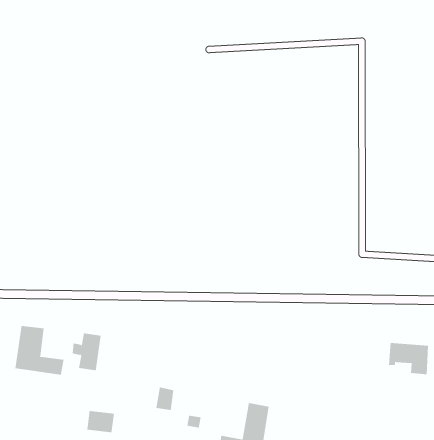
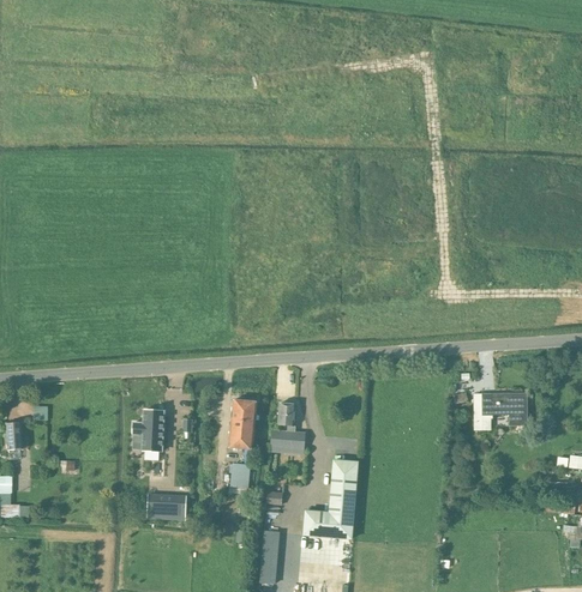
building: [15,325,64,375] -> none
building: none -> [228,398,257,447]
building: none -> [270,401,305,447]

